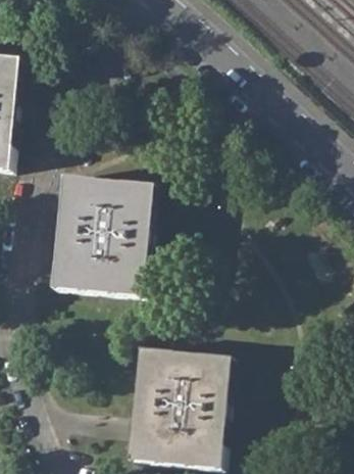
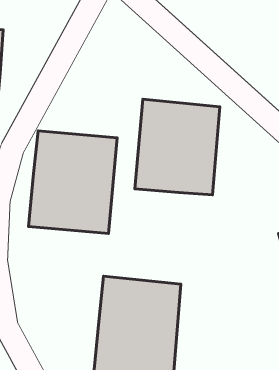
building: none -> [135,99,220,195]

